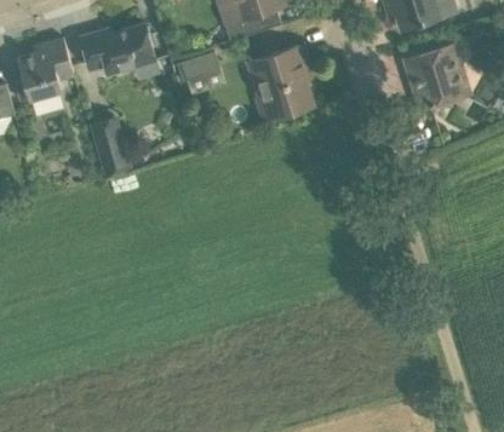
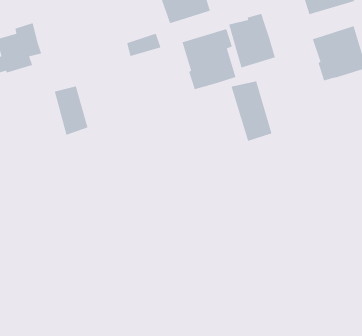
building: [80,24,159,80] -> none
building: none -> [228,13,276,69]
building: none -> [231,81,272,142]

